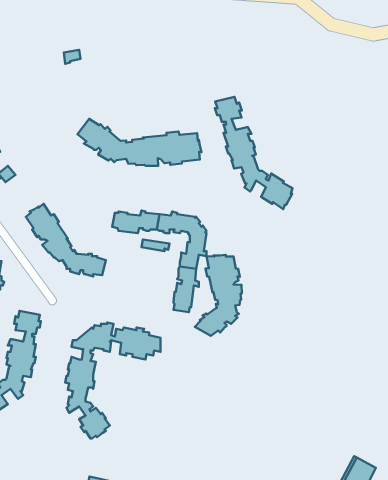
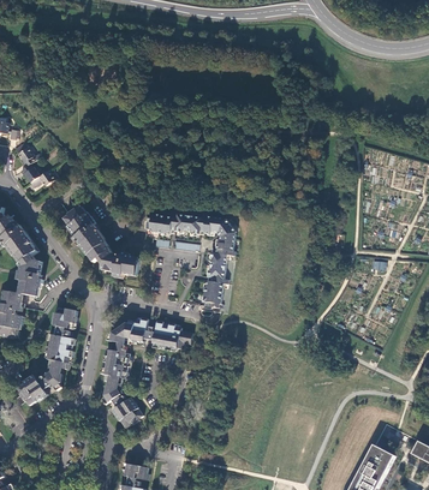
building: [215,97,292,209] -> none
building: [78,119,202,166] -> none
building: [195,255,242,336] -> none

